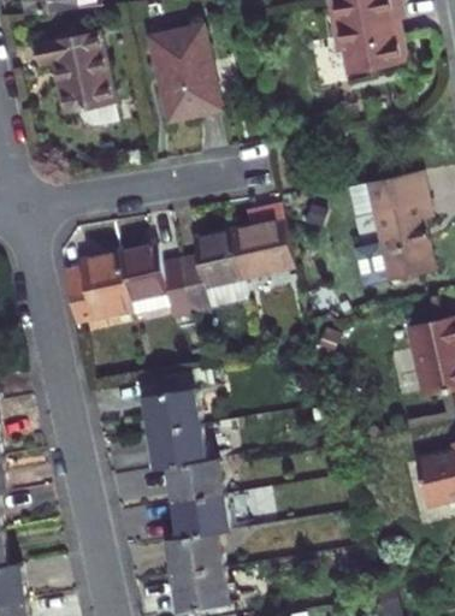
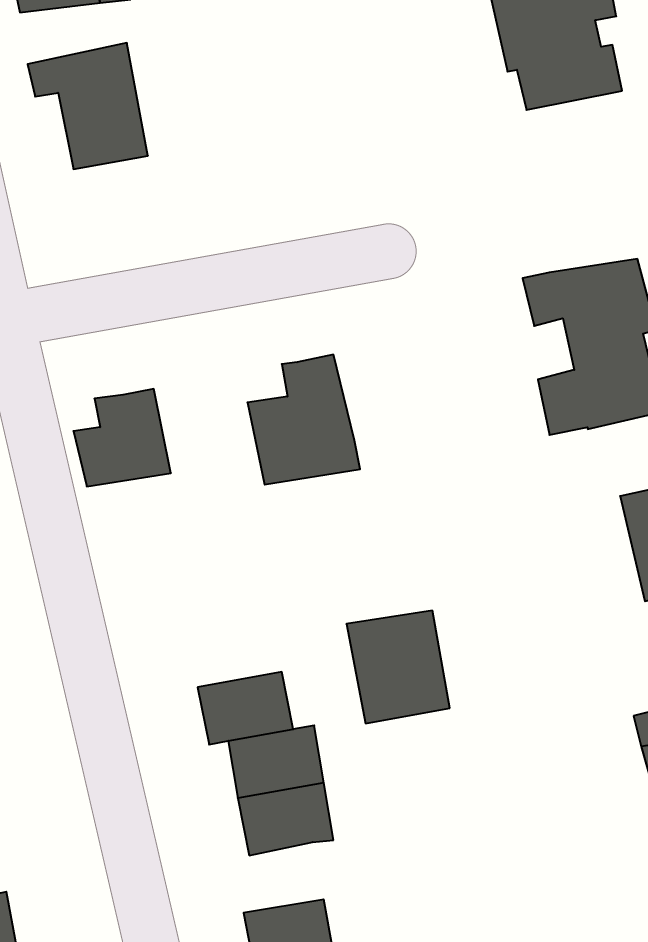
building: [150,25,221,123] -> none
building: [228,209,297,284] -> none
building: [114,244,184,315] -> none
building: [130,368,195,439] -> [346,611,450,723]
building: [164,537,221,581] -> none

